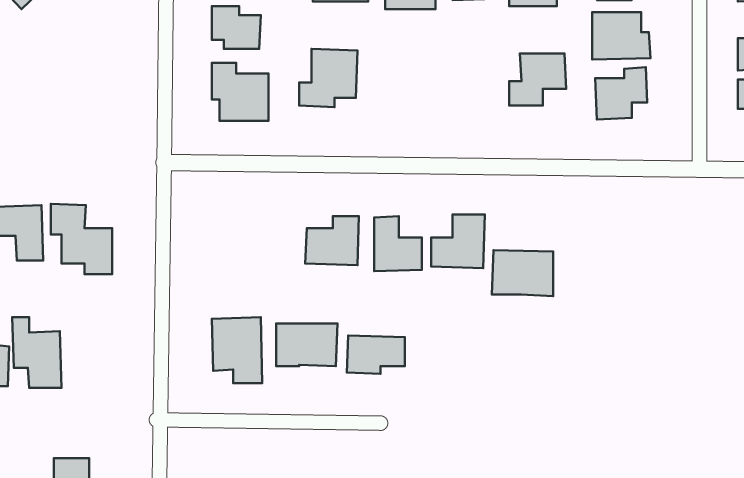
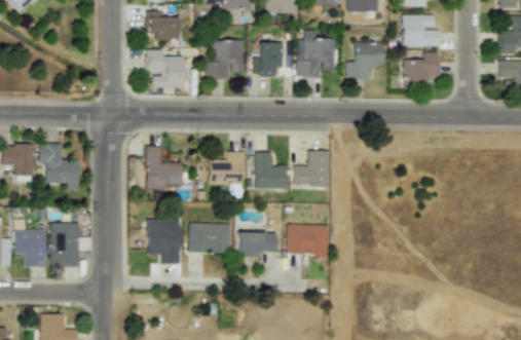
building: none -> [296,30,334,76]
building: none -> [253,41,282,75]
building: none -> [145,146,182,188]
building: [492,250,553,296] -> [287,224,328,255]
building: none -> [49,222,78,266]

